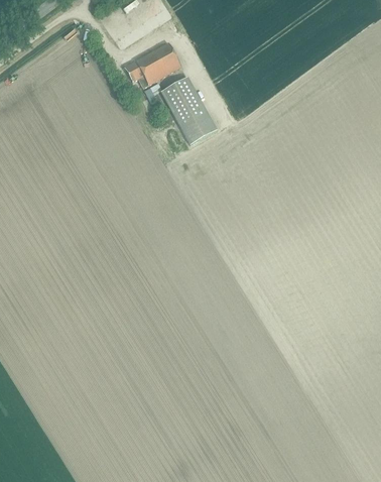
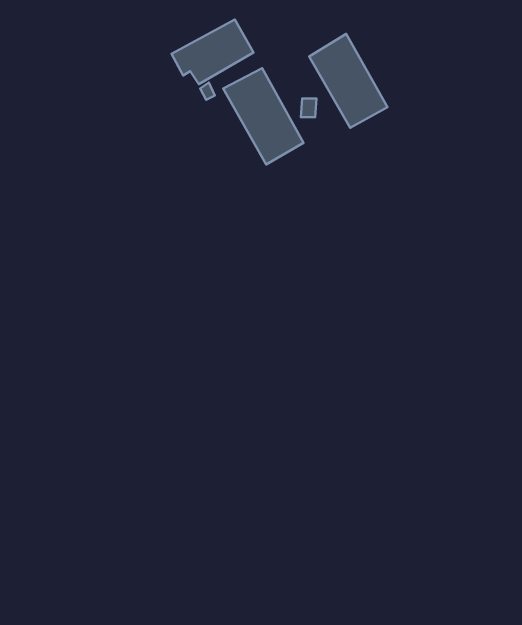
building: none -> [309,34,388,128]

